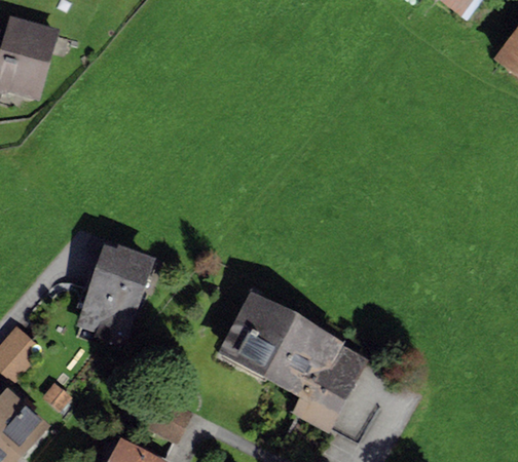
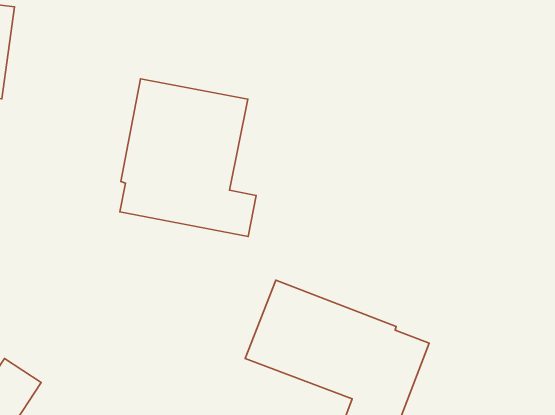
building: none -> [120,79,256,237]
building: [76,241,156,346] -> none

